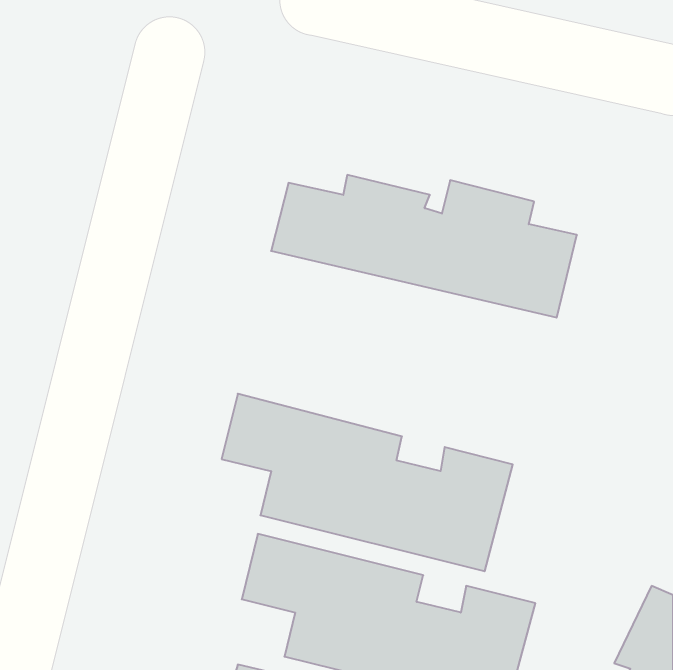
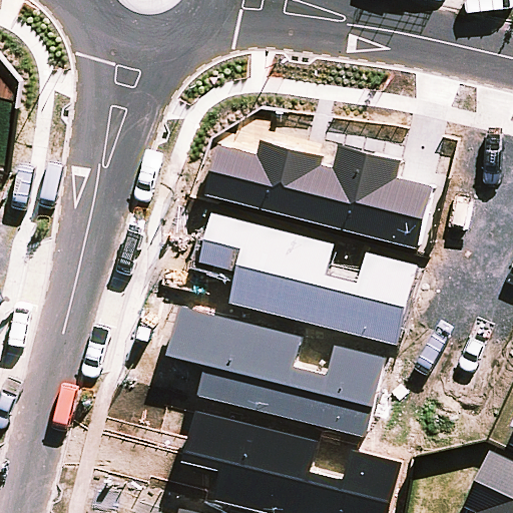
building: none -> [197,212,418,347]

